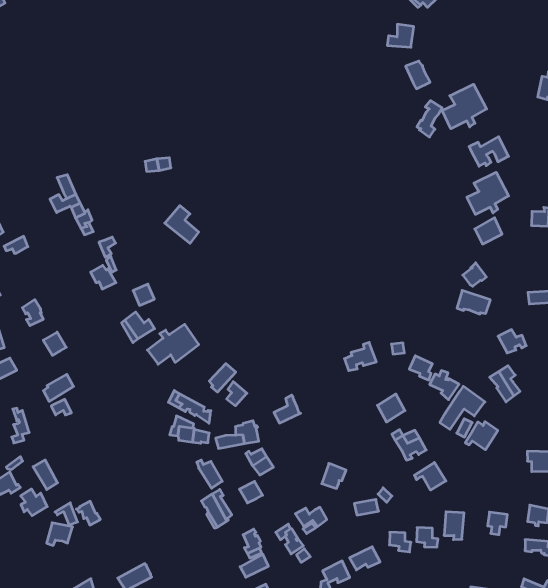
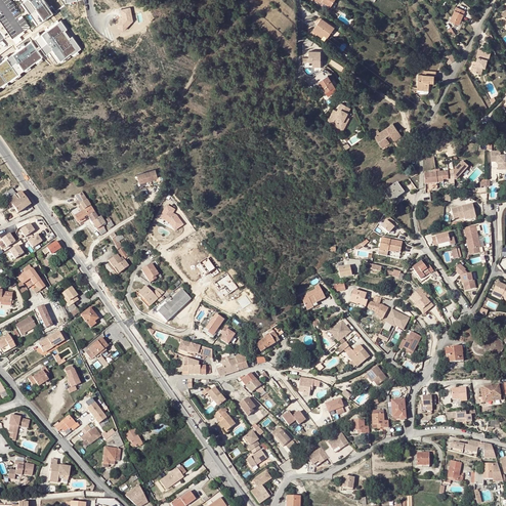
building: [442,84,487,129] -> none
building: [467,172,509,214] -> none

